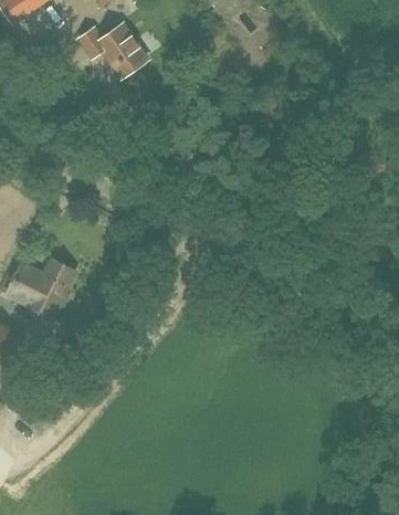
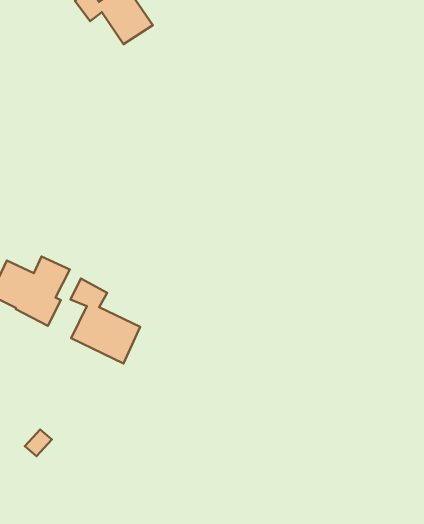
building: none -> [71,279,140,363]

